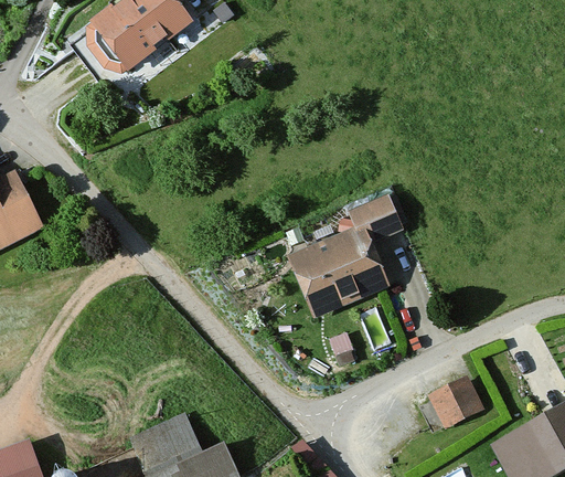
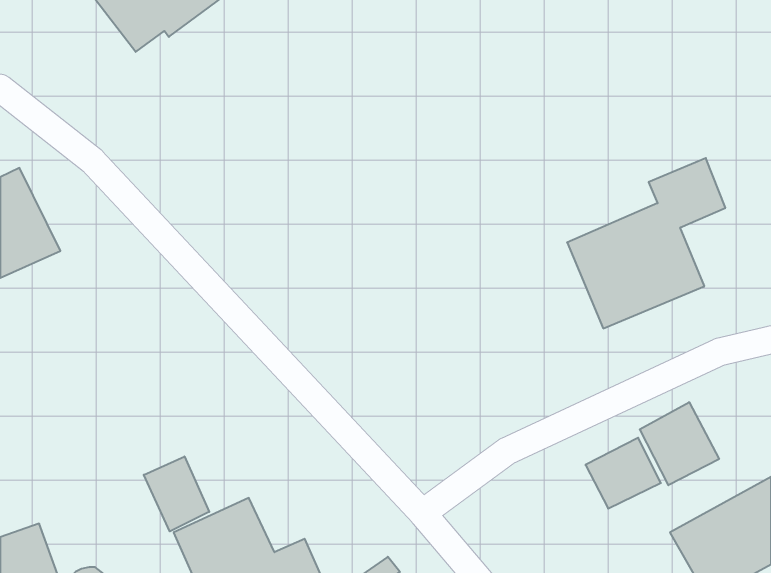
building: [289,195,405,320] -> [567,158,725,328]
building: none -> [640,402,719,485]
building: none -> [144,456,209,531]

